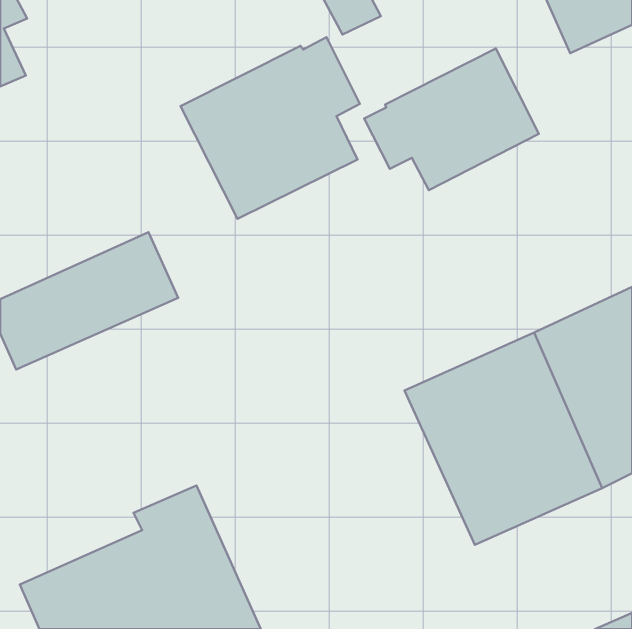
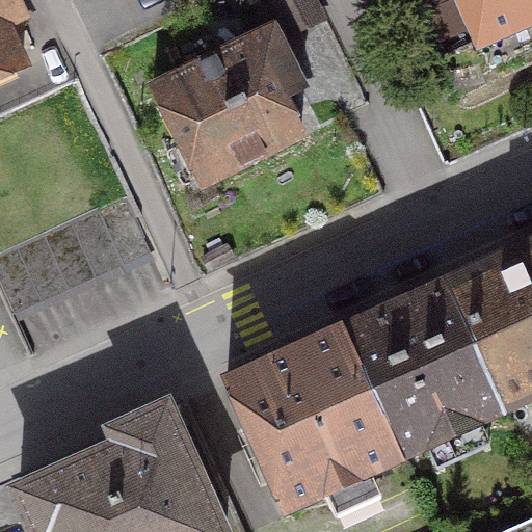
building: [364,49,539,190] -> none
building: none -> [225,328,399,510]

